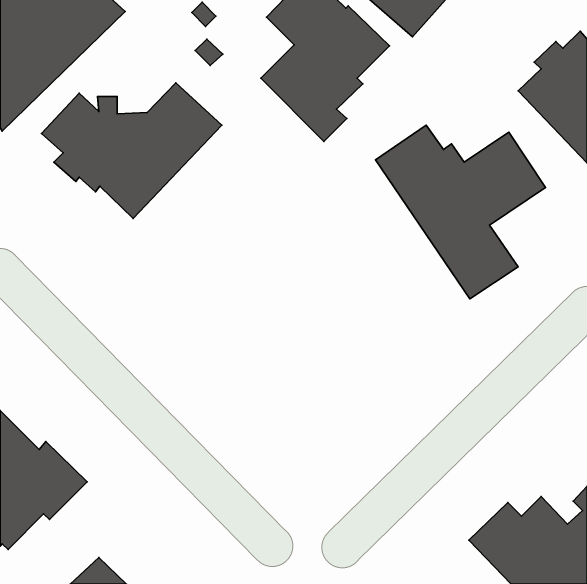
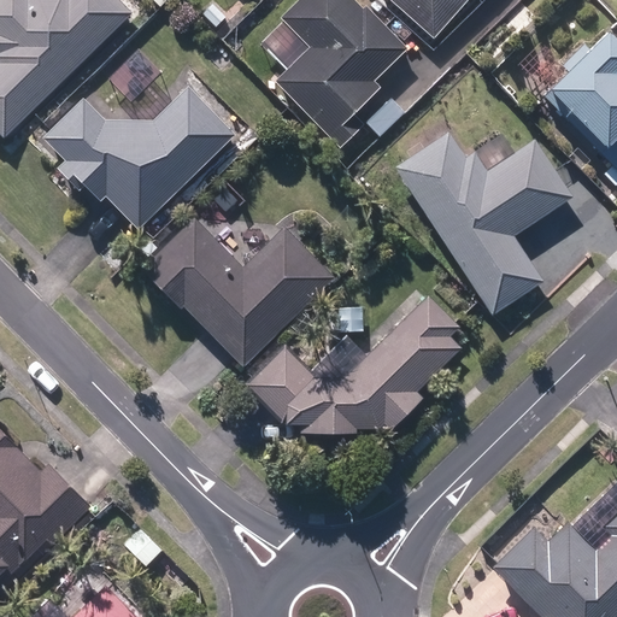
building: none -> [141,217,334,366]
building: none -> [245,295,462,435]

